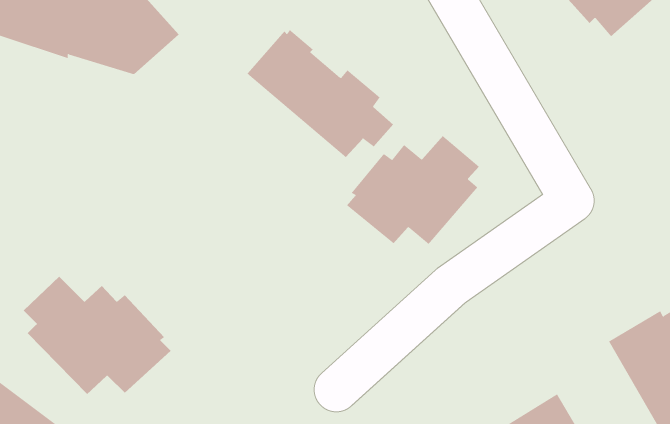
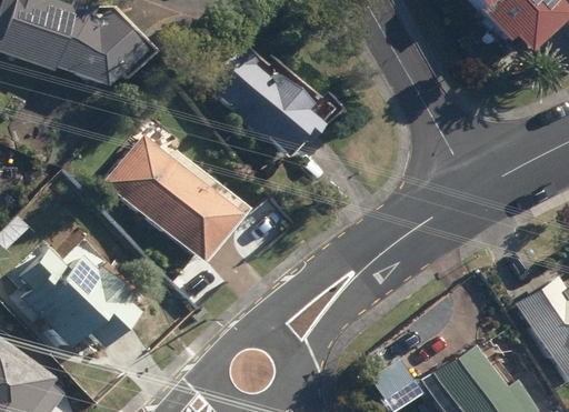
building: [346,135,480,245] -> none
building: none -> [113,135,252,262]

